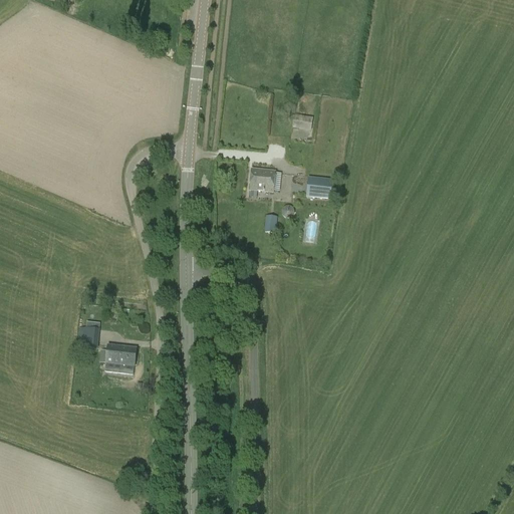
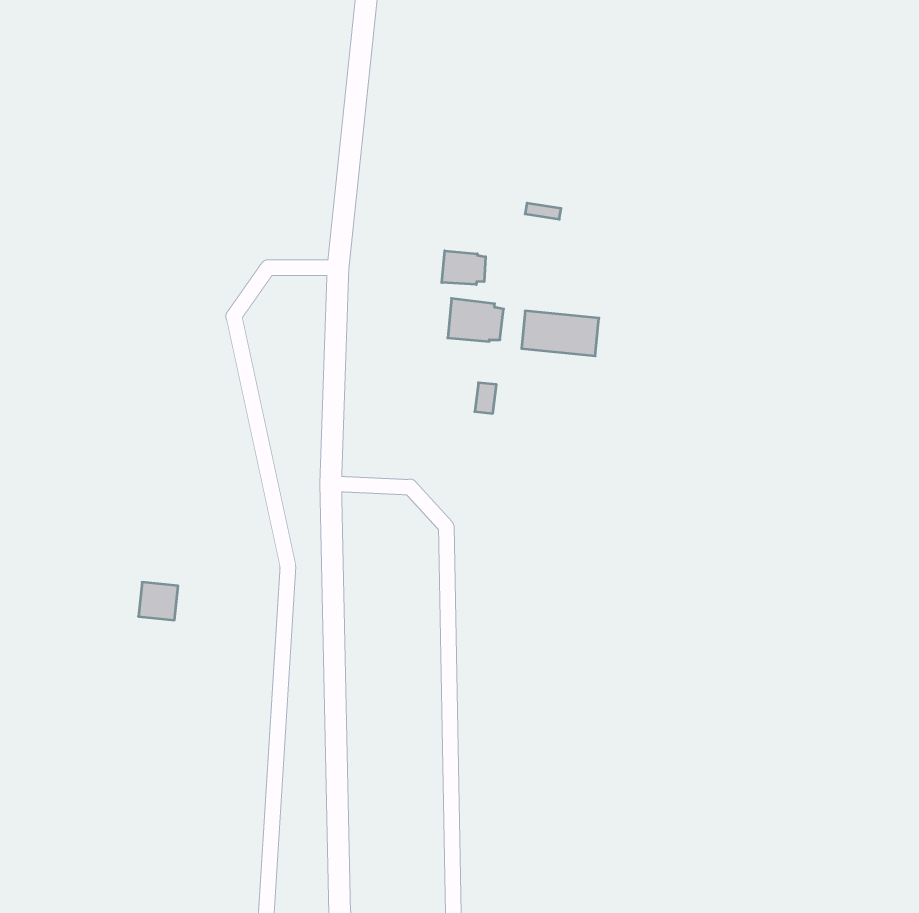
building: none -> [442,251,486,285]
building: [99,343,137,365] -> none

